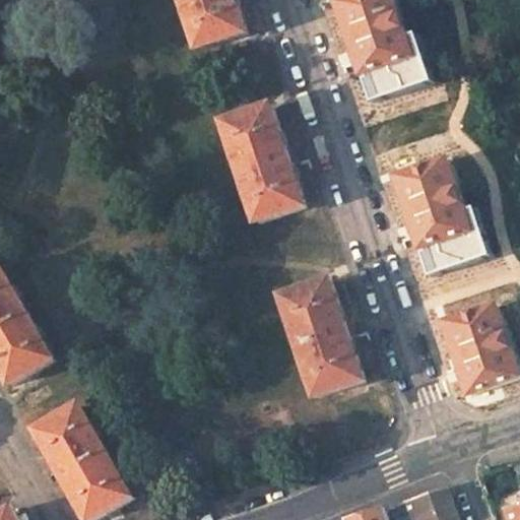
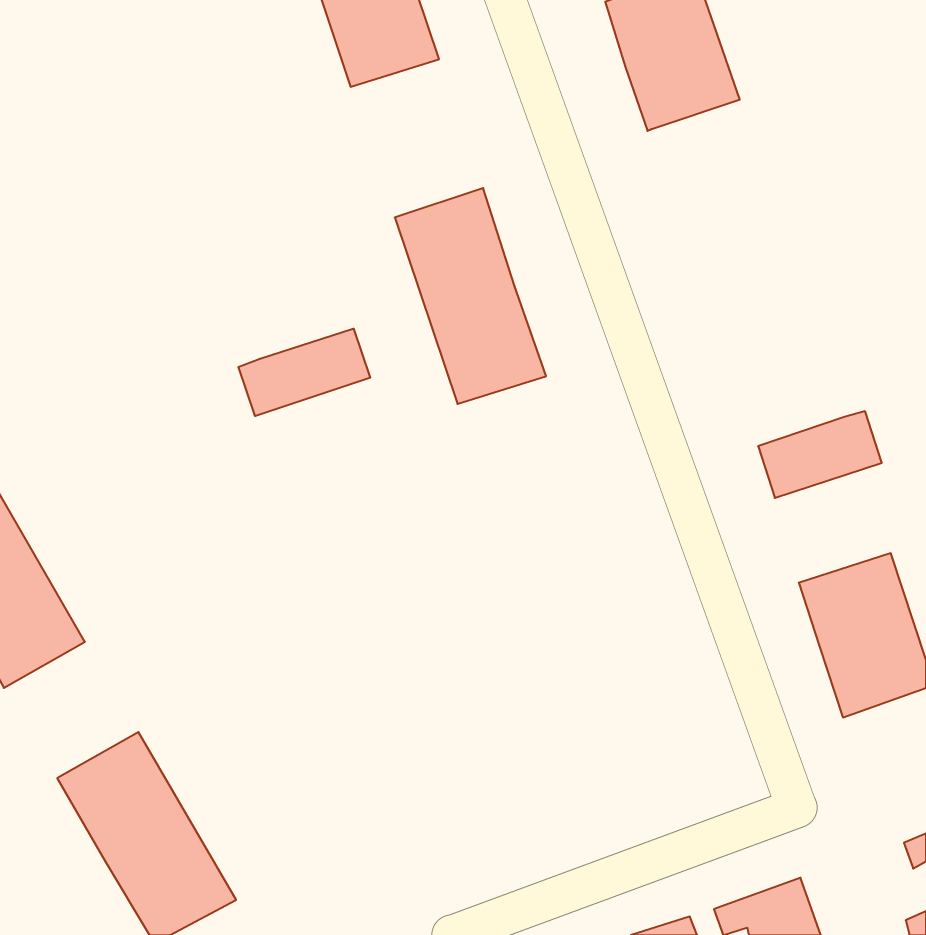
building: [359,52,426,99] -> none
building: [391,158,465,247] -> none
building: none -> [238,329,370,416]
building: [276,277,358,394] -> none

